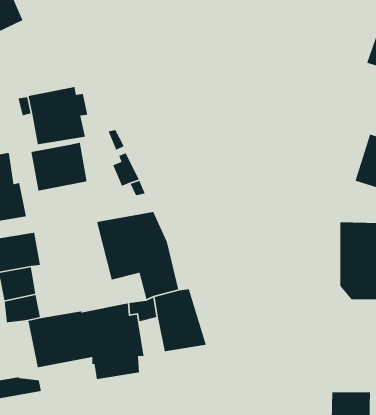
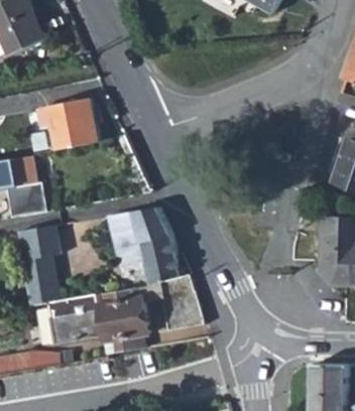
building: [31,142,88,191] -> none

